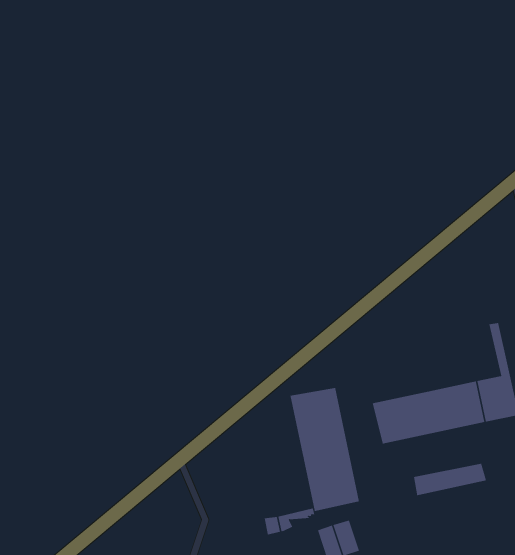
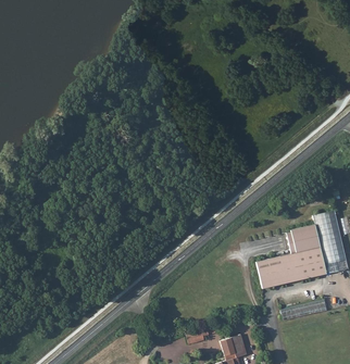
building: none -> [286,211,336,253]
building: [290,387,360,512] -> none

